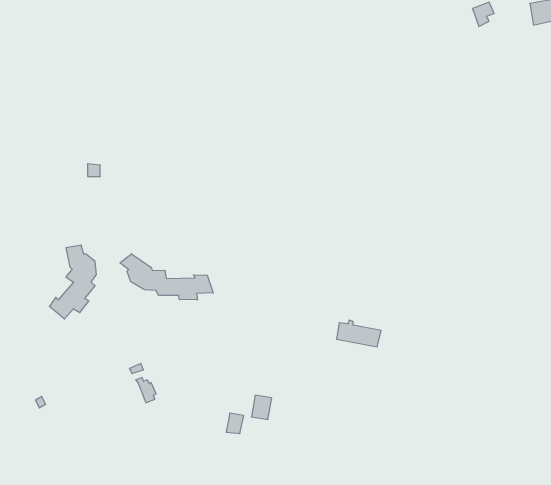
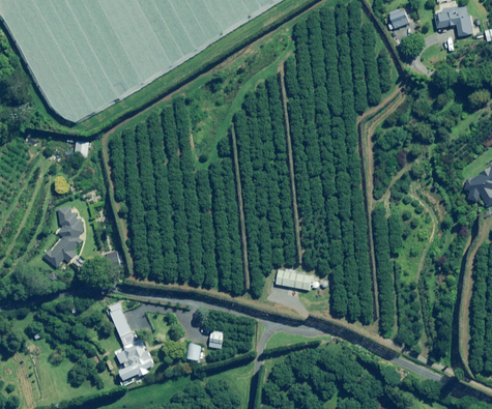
building: [120,254,213,300] -> none
building: none -> [115,343,153,374]

